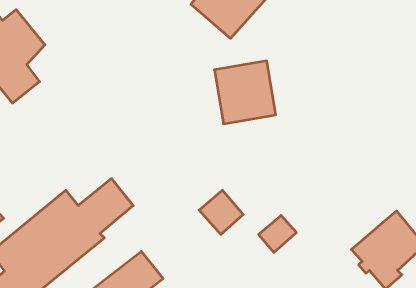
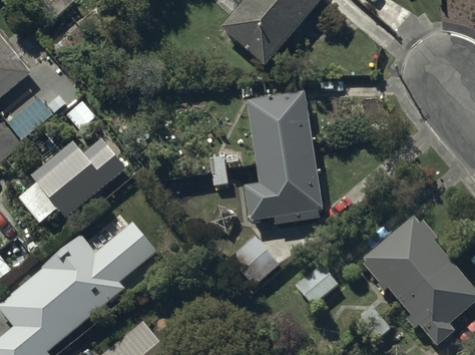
building: none -> [17,137,126,223]
building: none -> [244,150,324,223]
building: none -> [363,216,448,301]

